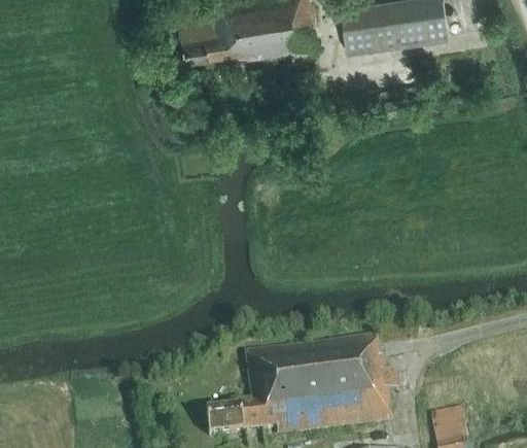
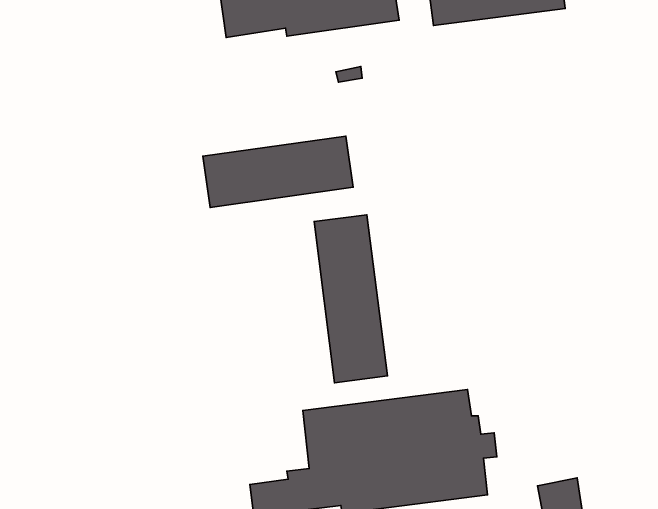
building: none -> [203,136,353,207]
building: none -> [314,215,387,383]

